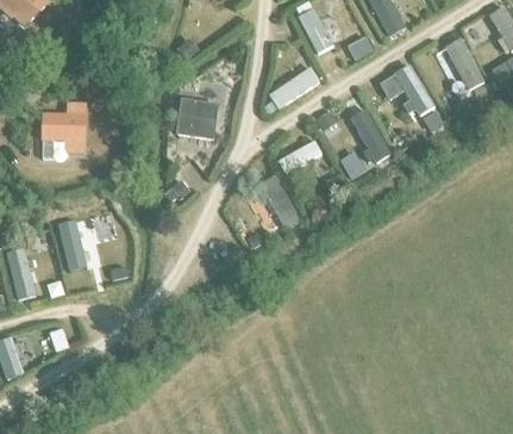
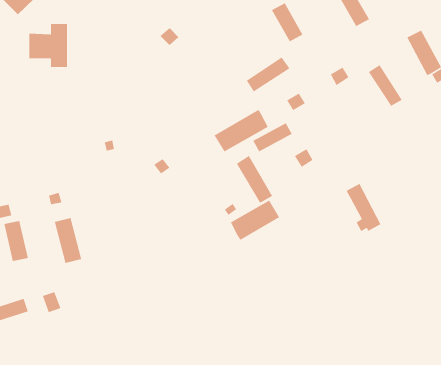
building: [173,97,215,136] -> none
building: [40,100,83,149] -> [29,23,68,68]
building: [351,110,390,163] -> [346,183,382,232]
building: none -> [214,109,269,153]
building: none -> [230,200,280,241]

